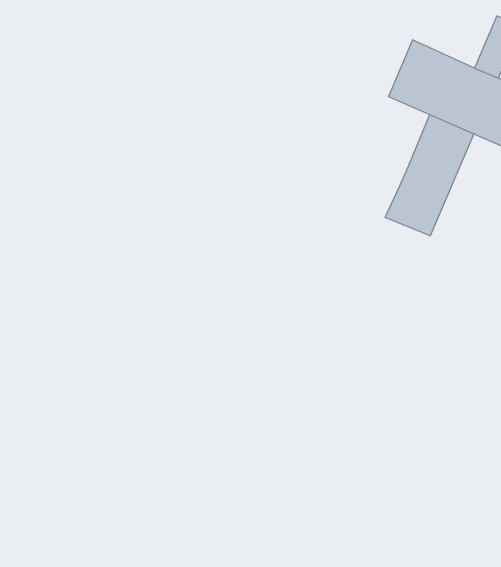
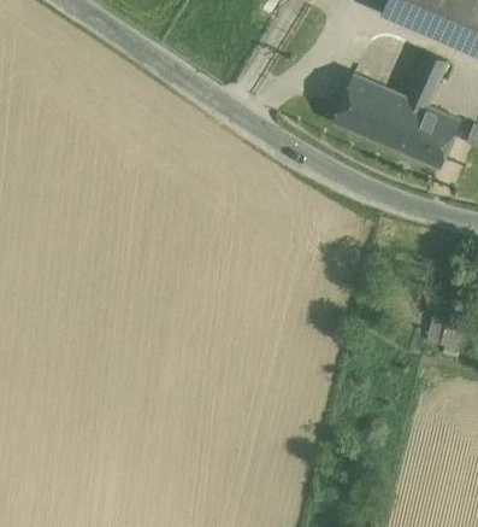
building: [385,114,474,236] -> none

